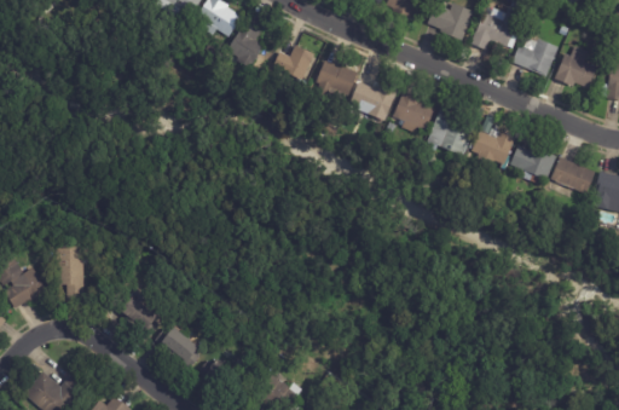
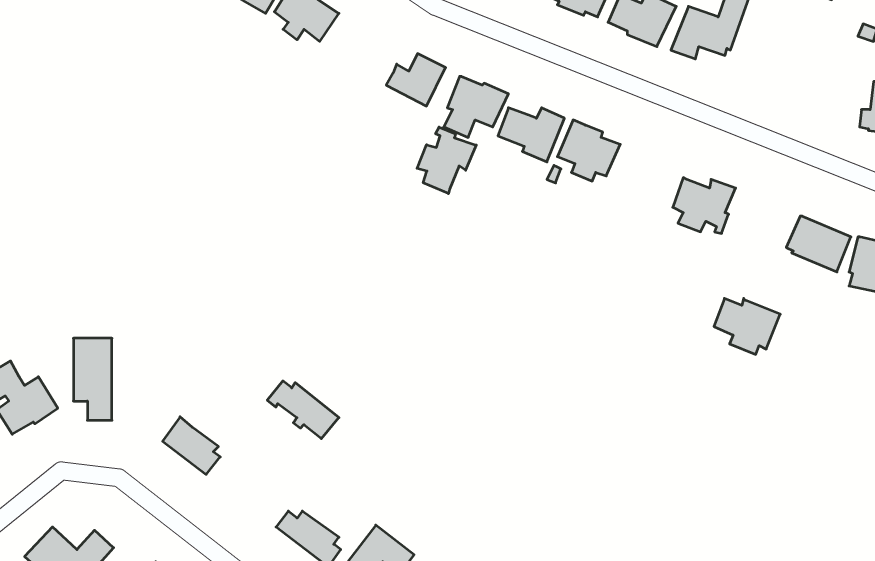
building: [228,17,264,63] -> none
building: [513,39,557,76] -> none
building: [554,46,596,88] -> none
building: none -> [417,127,476,194]
building: [426,103,478,156] -> none
building: [510,145,556,184] -> [714,298,780,354]
building: [154,327,203,366] -> [267,381,339,439]

